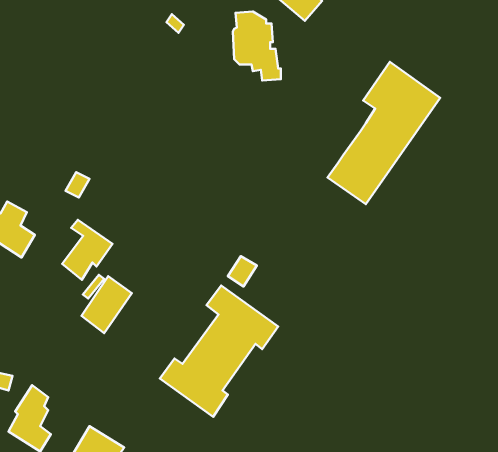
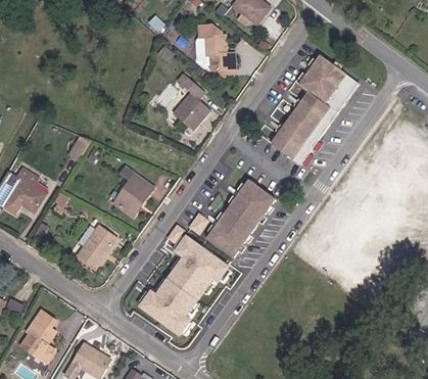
building: none -> [175,73,210,127]
building: none -> [208,171,282,252]
building: [62,220,113,280] -> [114,165,153,211]

